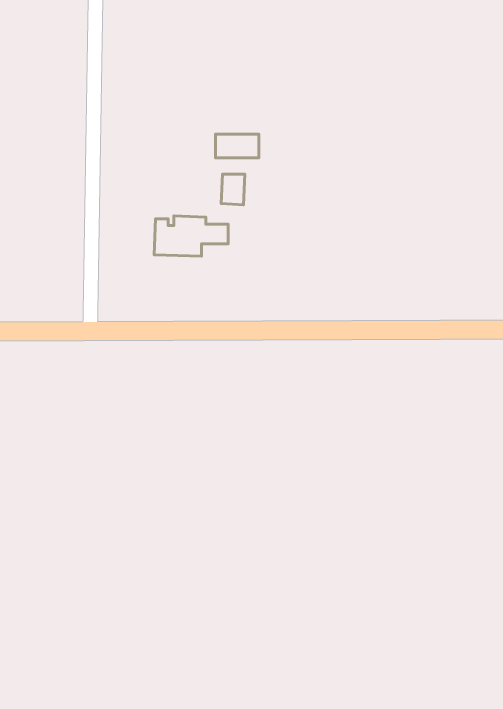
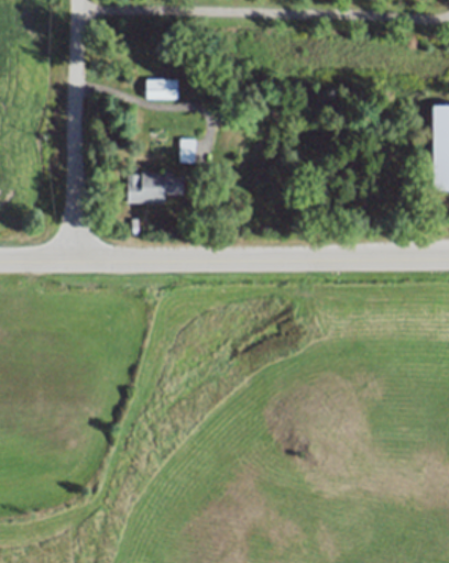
building: [216,134,259,158] -> [144,80,178,99]

